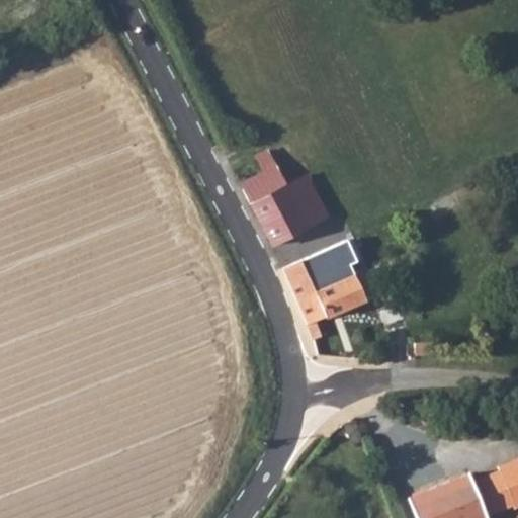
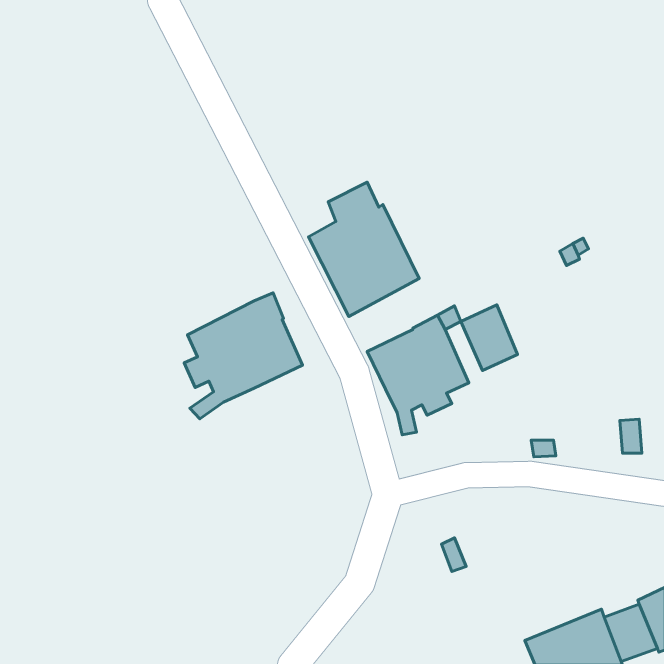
building: none -> [184,293,303,419]
building: none -> [461,305,518,370]

